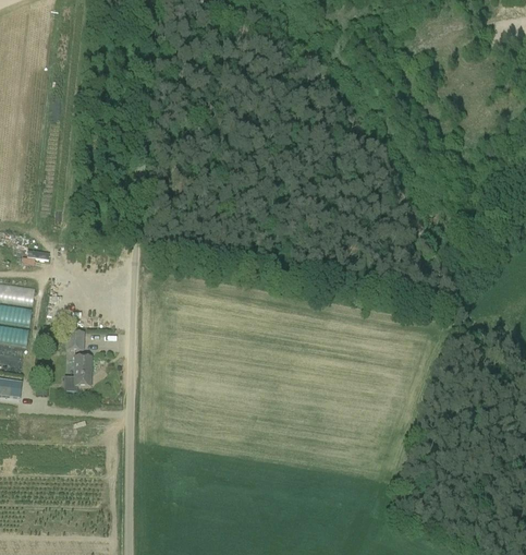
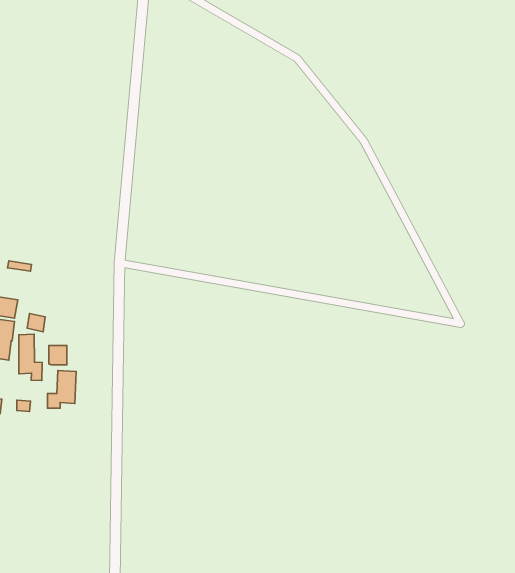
building: none -> [19,334,42,381]

